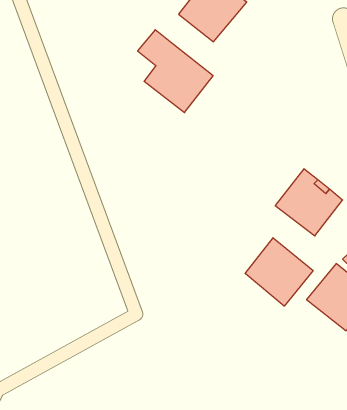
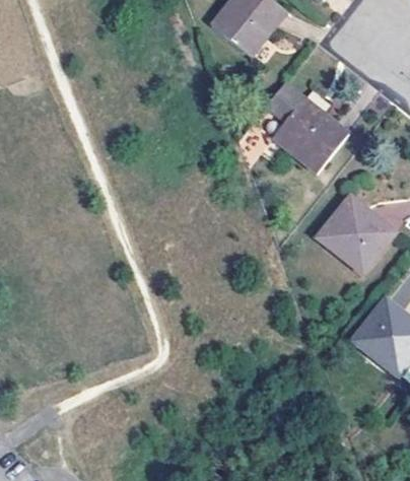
building: [138,30,213,113] -> [264,81,347,173]
building: [245,238,313,306] -> none

